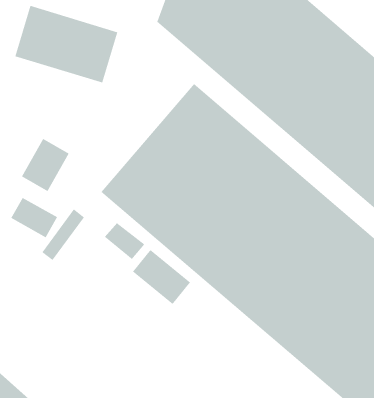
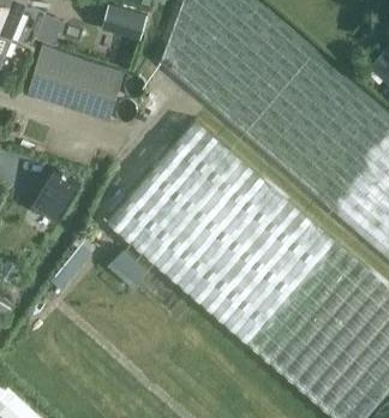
building: [11,197,58,238] -> none
building: [132,249,191,305] -> none

